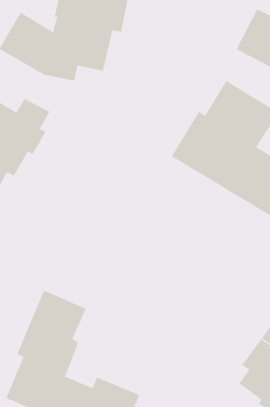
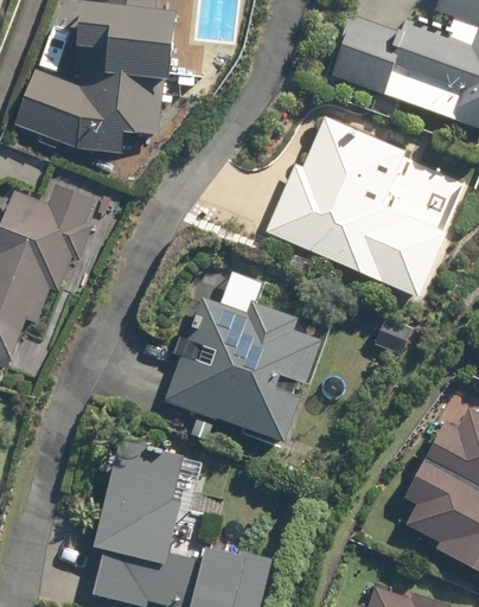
building: none -> [162,295,326,440]

